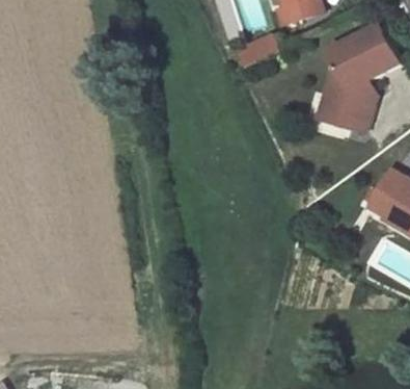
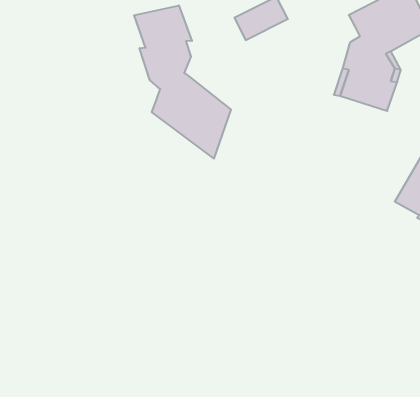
building: none -> [134,5,231,159]

